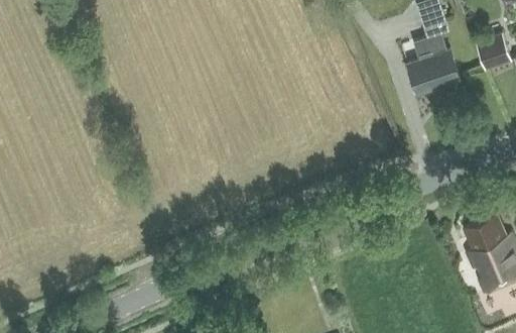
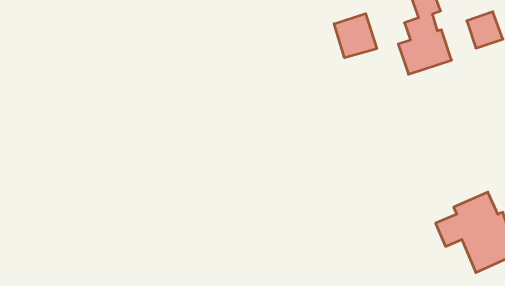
building: none -> [334,14,377,58]

